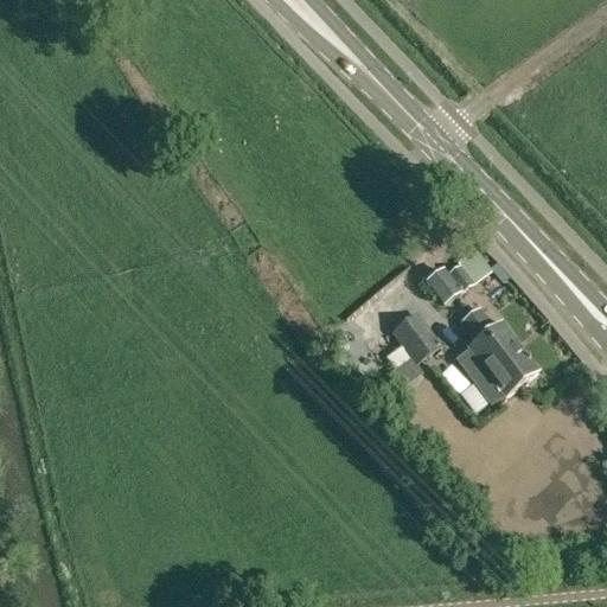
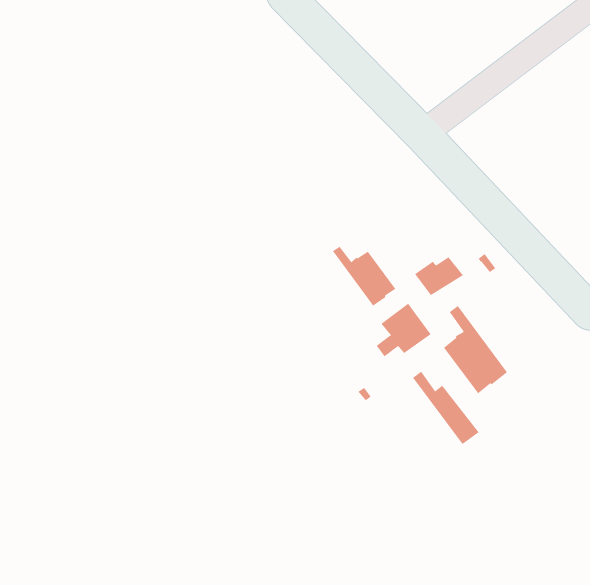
building: none -> [332,246,396,306]
building: [469,306,538,382] -> [412,371,479,445]

